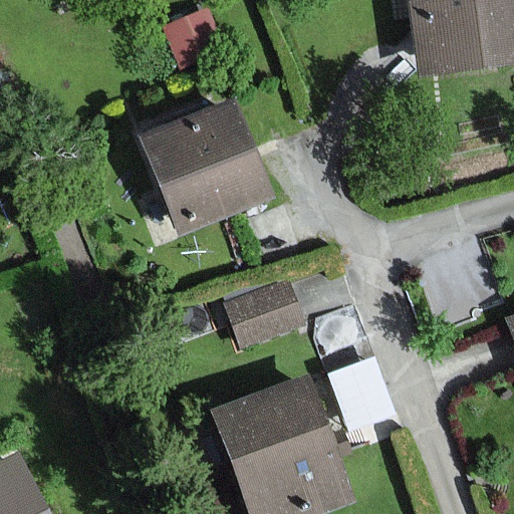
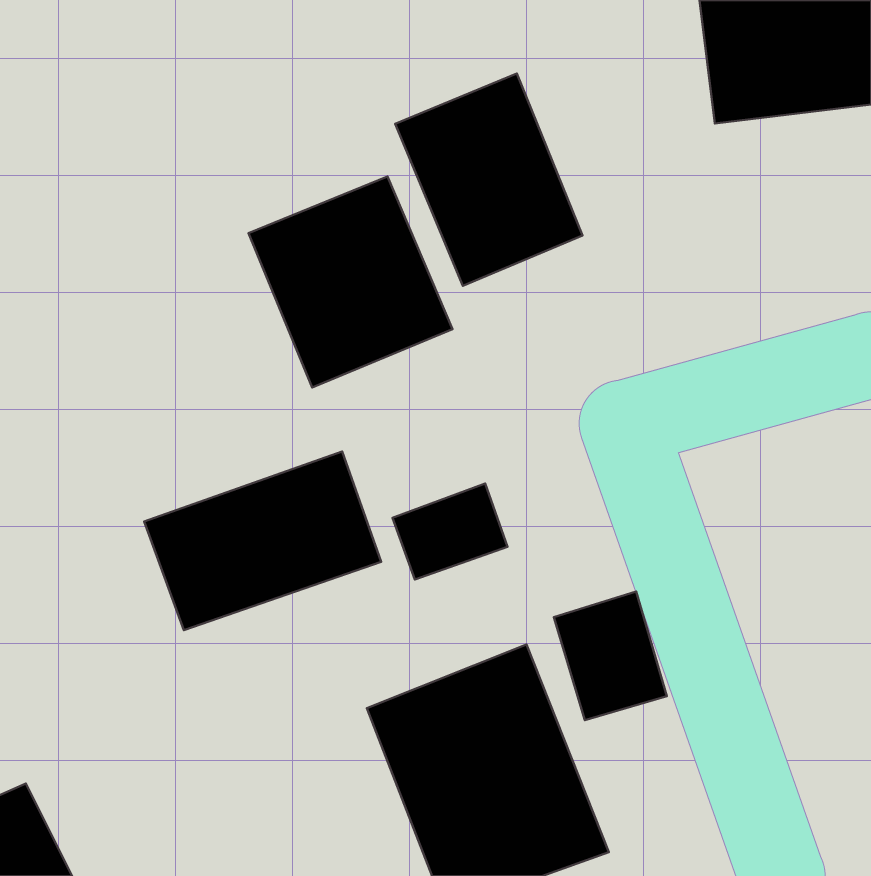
building: none -> [395,73,582,286]
building: none -> [144,451,381,630]

